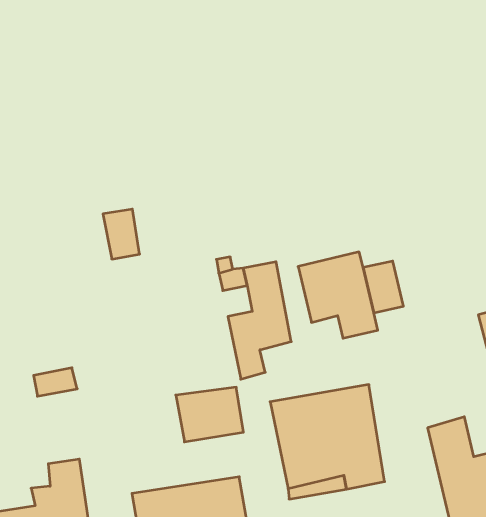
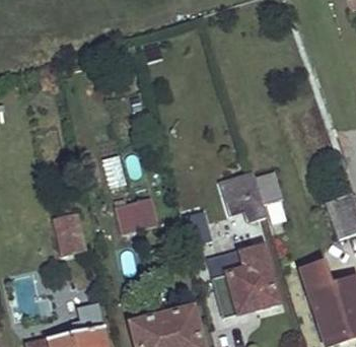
building: none -> [54,210,84,253]
building: [176,387,243,442] -> [115,197,156,231]

